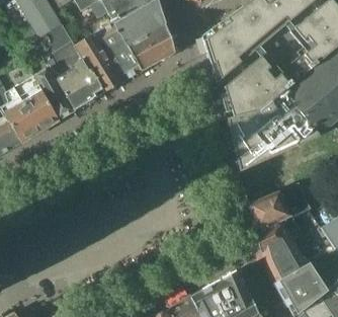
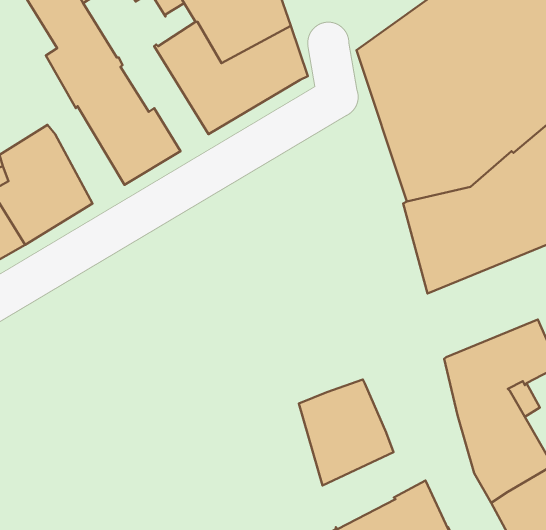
building: [74,34,121,91] -> none
building: [34,67,76,120] -> none
building: none -> [299,380,393,486]

